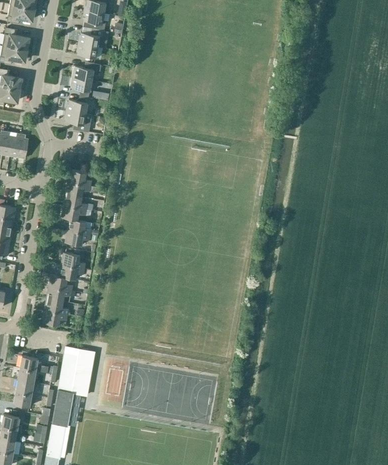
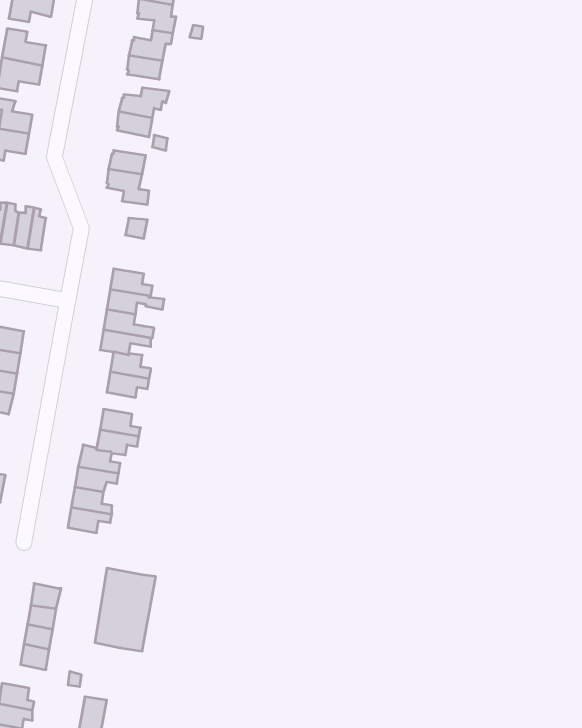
building: [52,391,73,426] -> none

